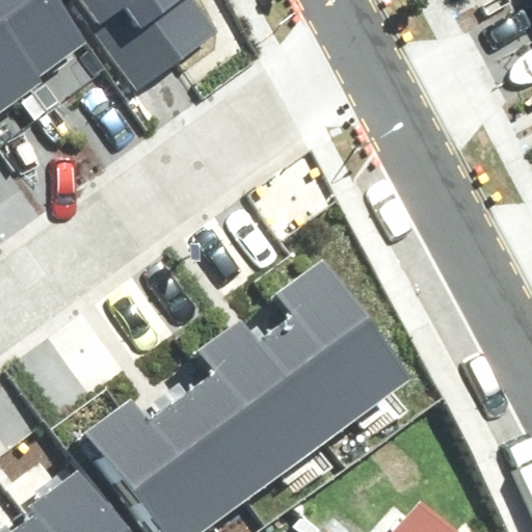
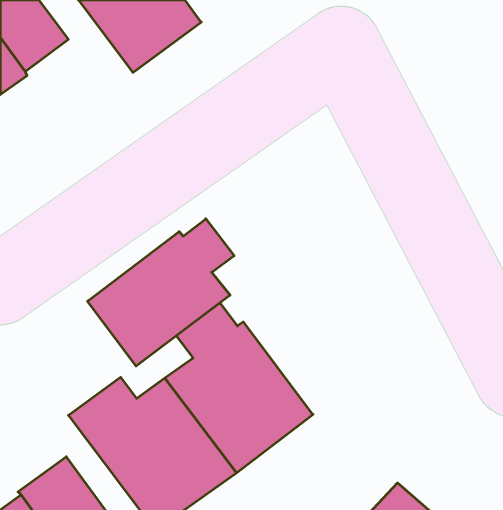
building: none -> [88,219,234,366]
building: [263,261,409,432] -> none

